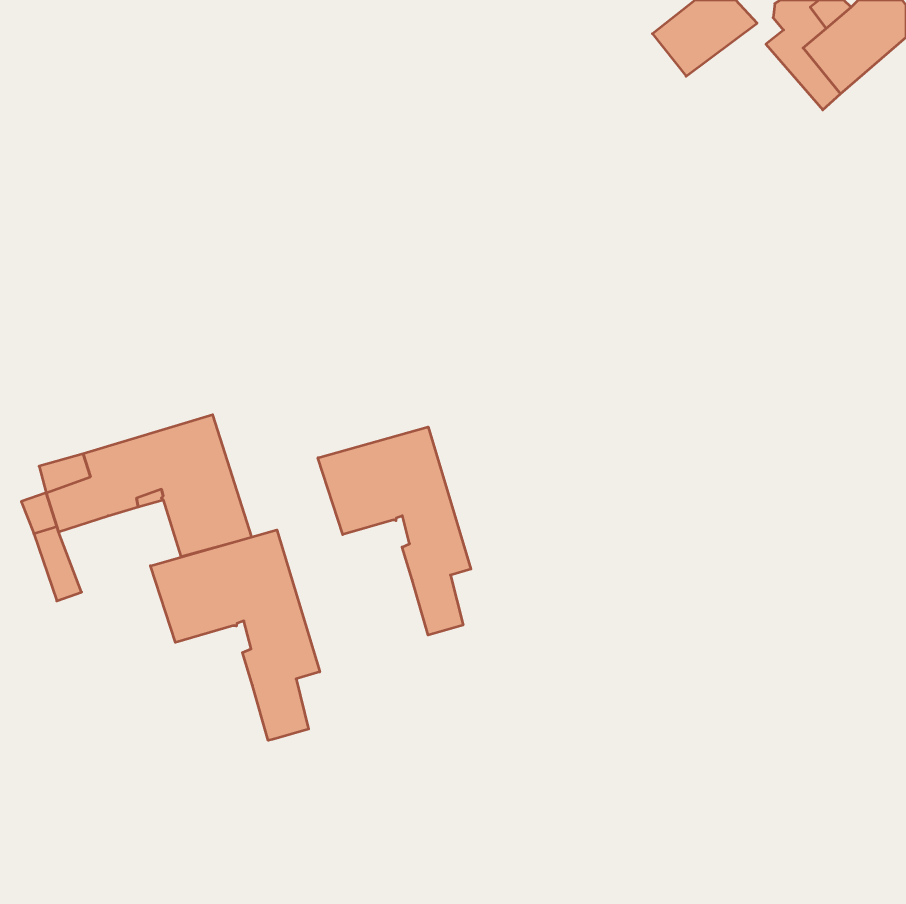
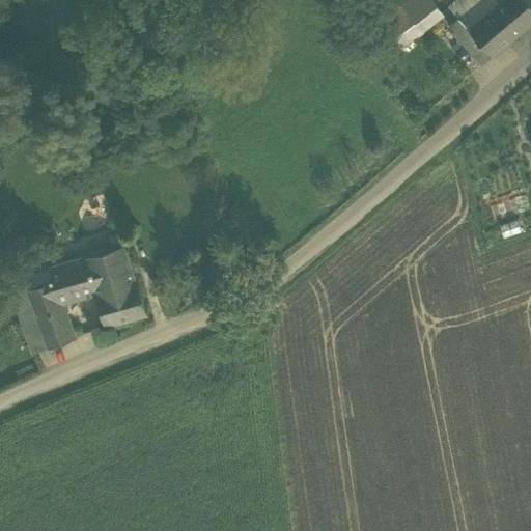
building: [318,427,471,635] -> none
building: none -> [34,303,76,347]
building: [150,530,320,740] -> none

